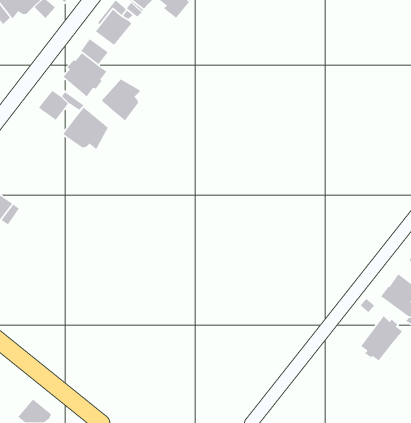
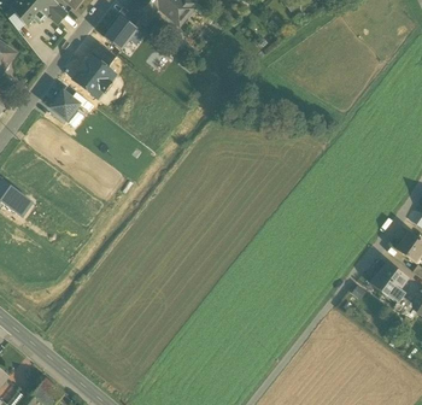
building: [101,78,141,121] -> none
building: [62,107,109,150] -> none
building: [360,315,403,361] -> none

